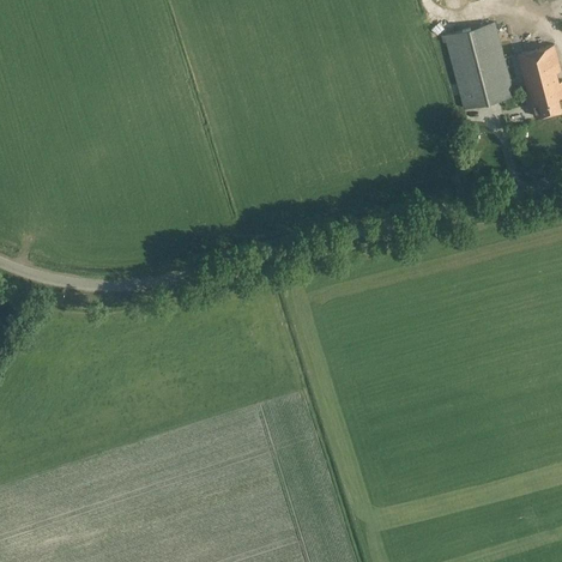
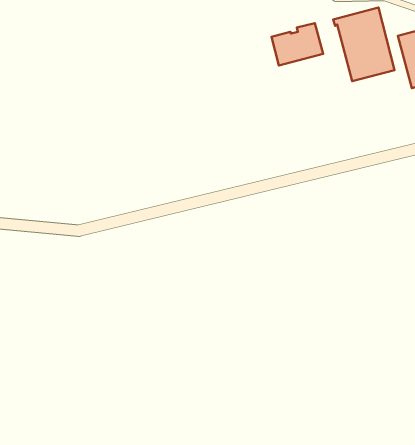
building: none -> [271,23,323,66]

